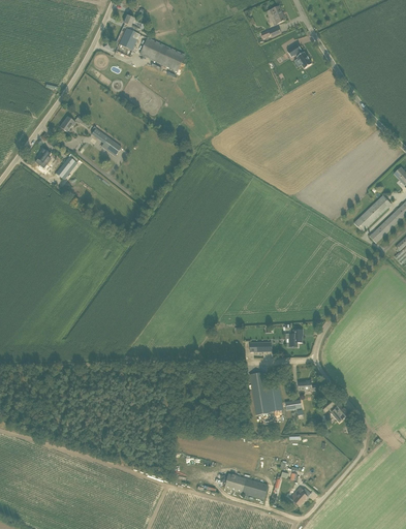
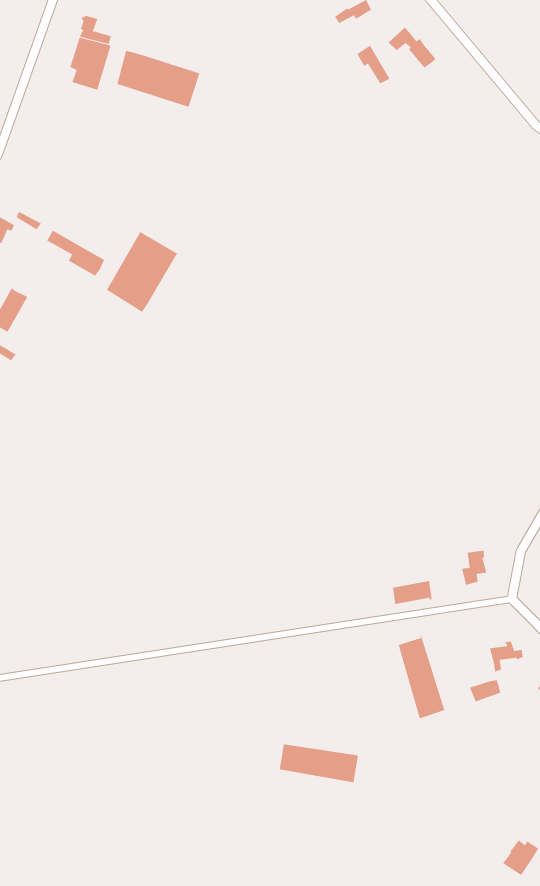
building: none -> [106,231,178,313]
building: [223,472,267,498] -> [279,744,359,783]

